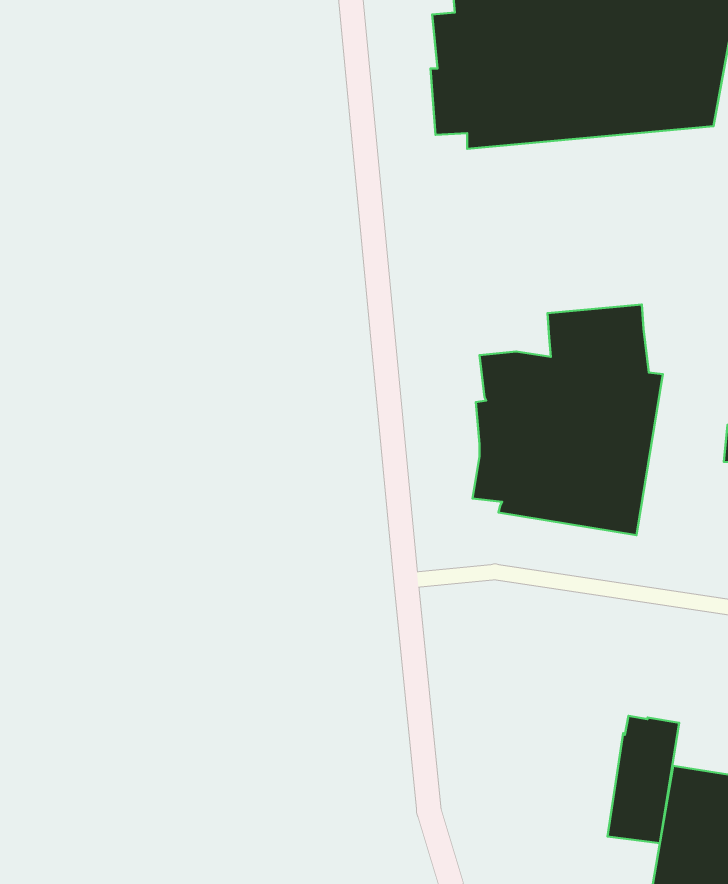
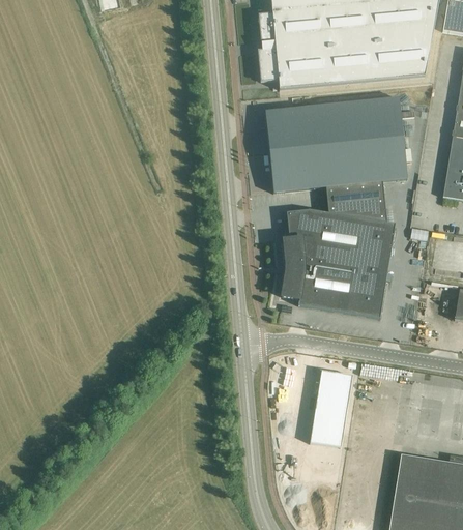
building: none -> [266,96,408,193]
building: [607,716,679,843] -> [311,371,353,446]

